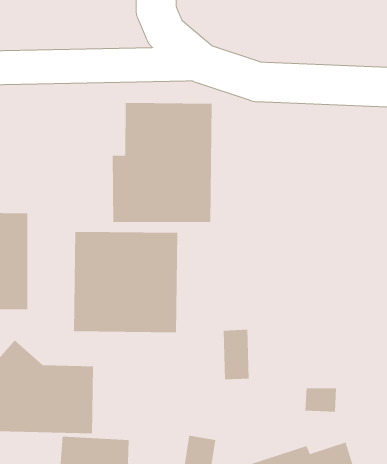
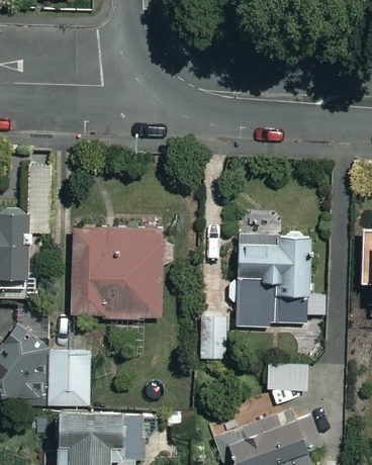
building: [112,102,212,223] -> none
building: none -> [228,234,324,322]

